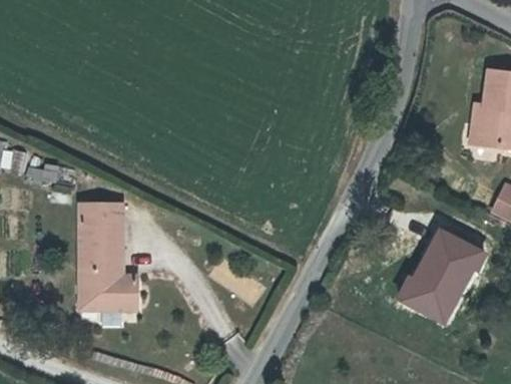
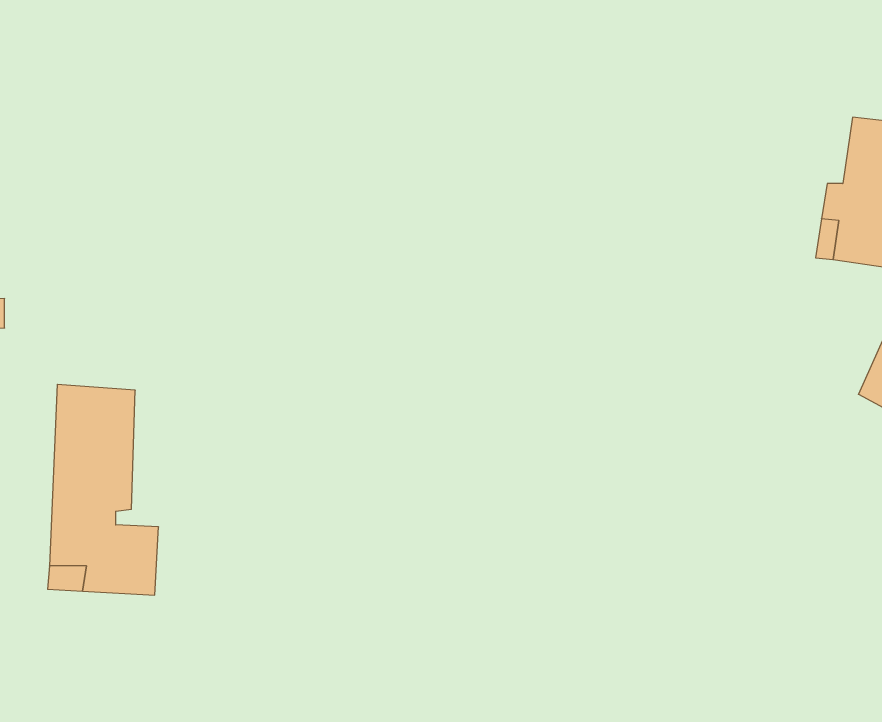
building: [398,227,485,320] -> none

